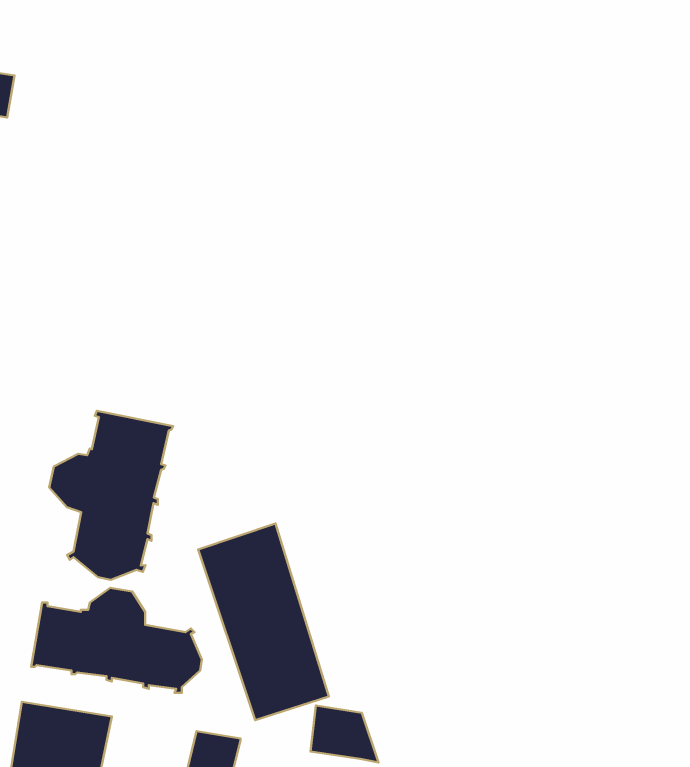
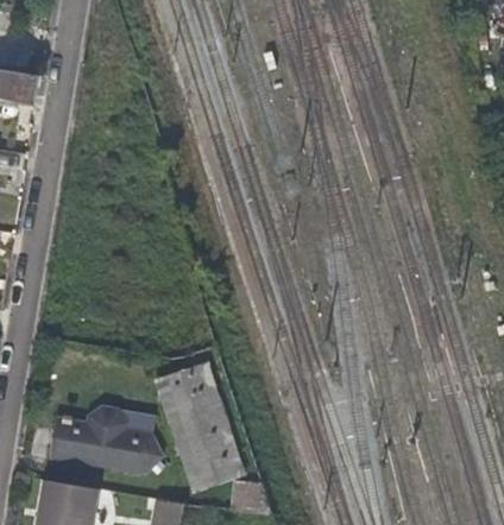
building: [49,411,173,580] -> none

